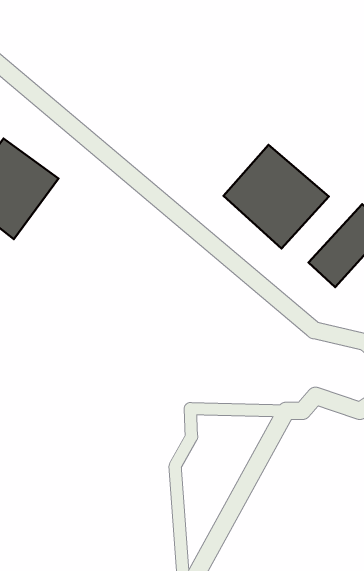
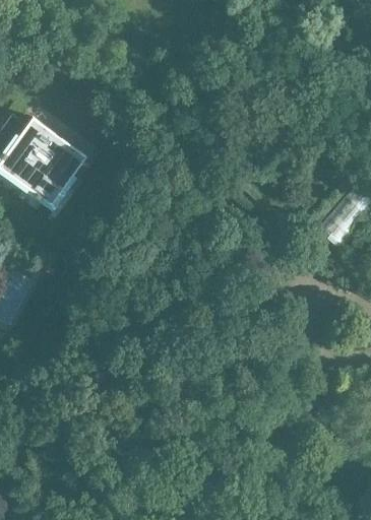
building: [223,145,329,249] -> none

